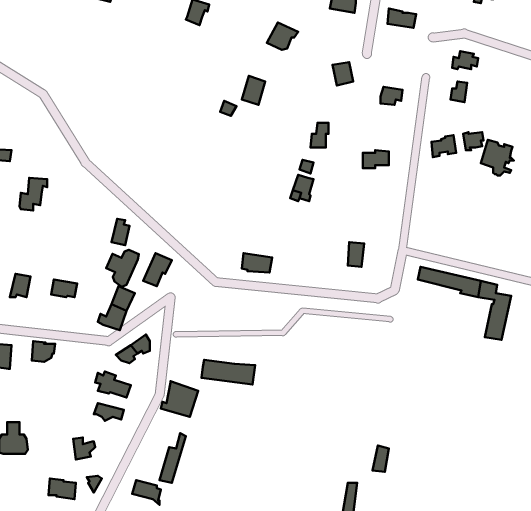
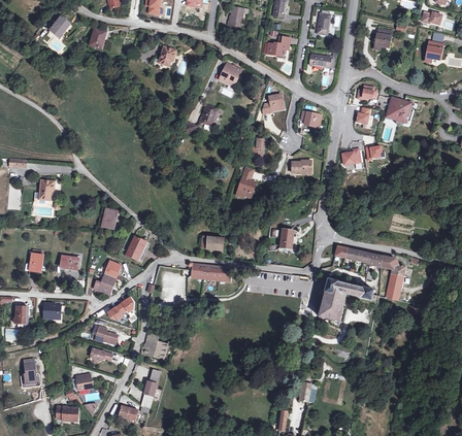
building: [481,140,514,176] -> [387,97,411,124]
building: [106,250,139,287] -> none
building: none -> [317,278,370,322]
building: [202,360,255,385] -> [190,263,230,281]

